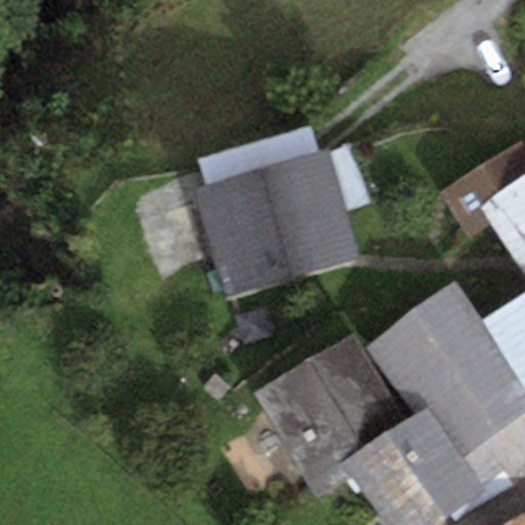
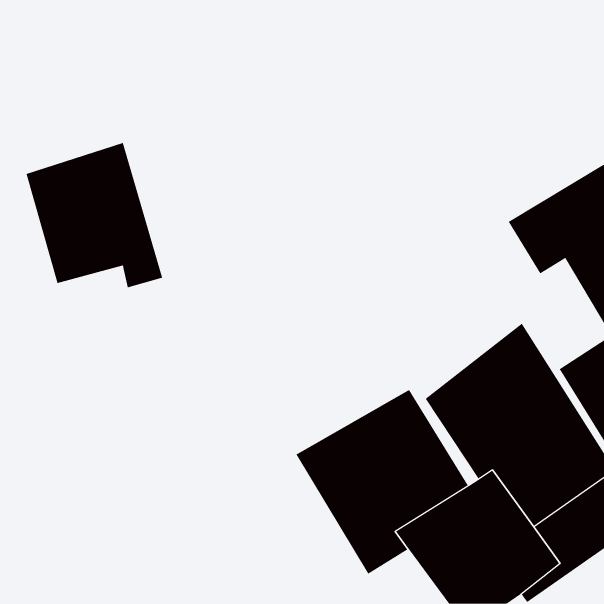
building: none -> [26,142,163,288]
building: [193,125,370,297] -> none

